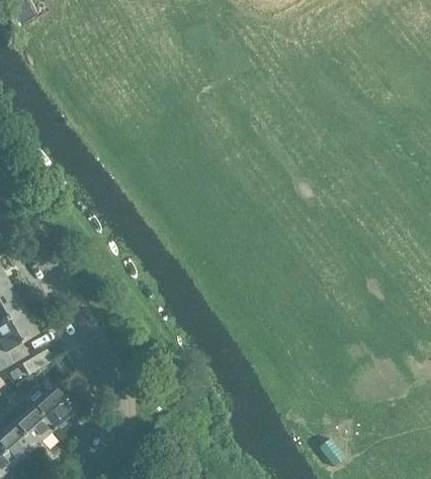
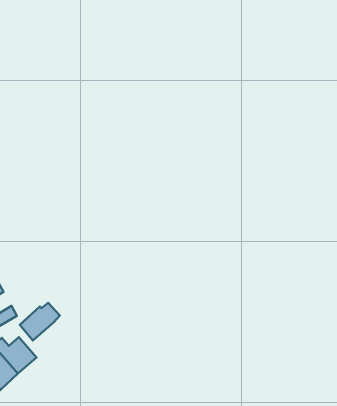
building: none -> [20,303,60,340]

